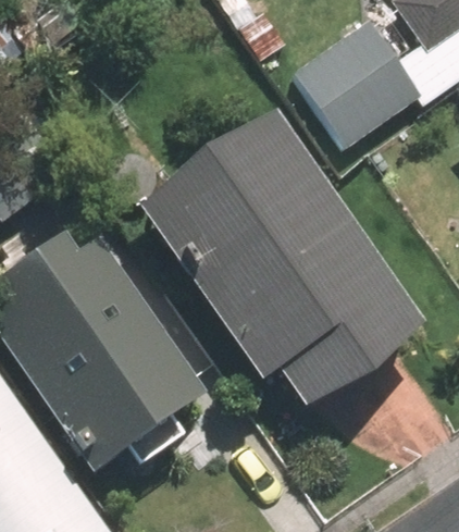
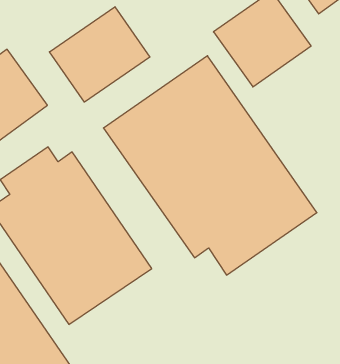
building: none -> [49,7,150,102]

